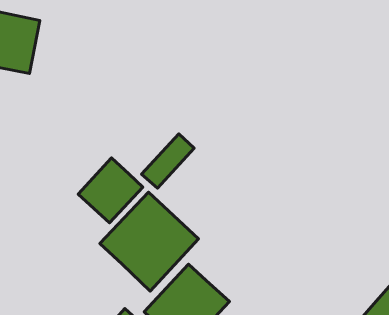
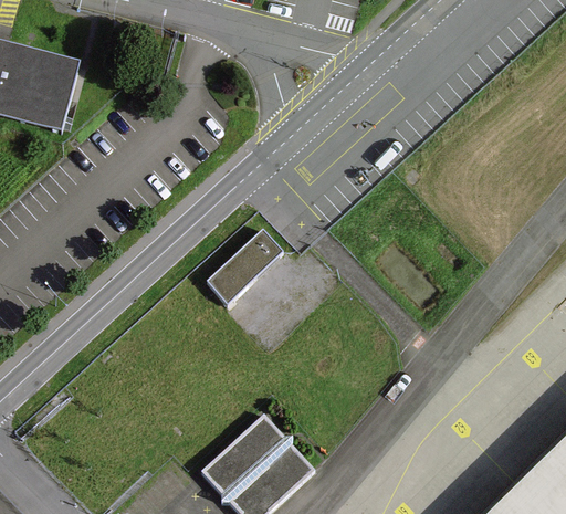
building: [78,158,143,223] -> none
building: [100,192,199,291] -> none

